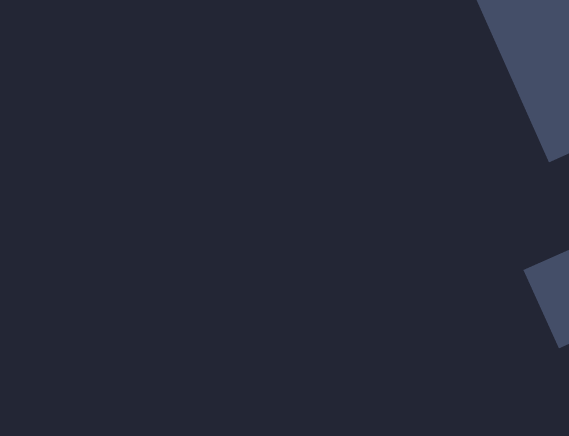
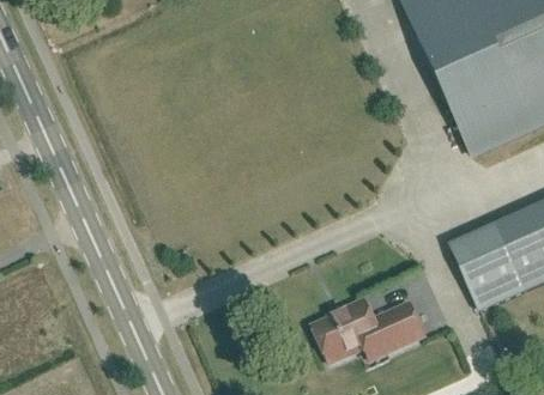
building: none -> [313,299,423,361]

